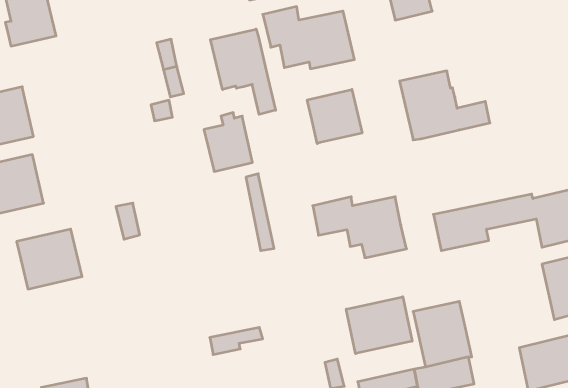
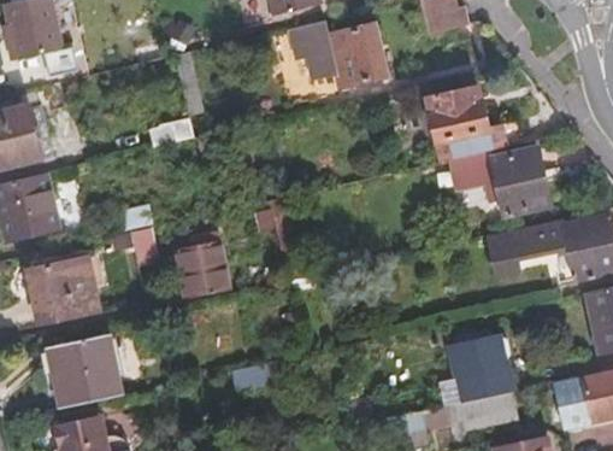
building: [210,29,276,114] -> none
building: [307,89,362,144] -> none
building: [204,113,252,171] -> [176,232,228,294]
building: [313,197,407,258] -> [455,150,555,215]
building: [346,297,412,354] -> none
building: none -> [46,335,119,409]

